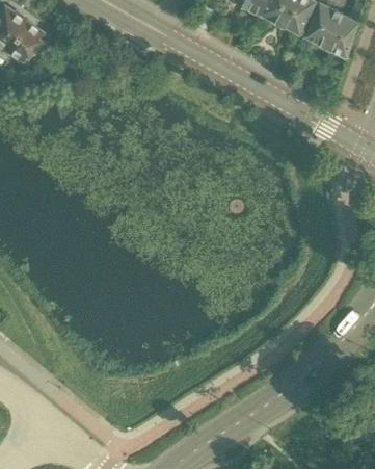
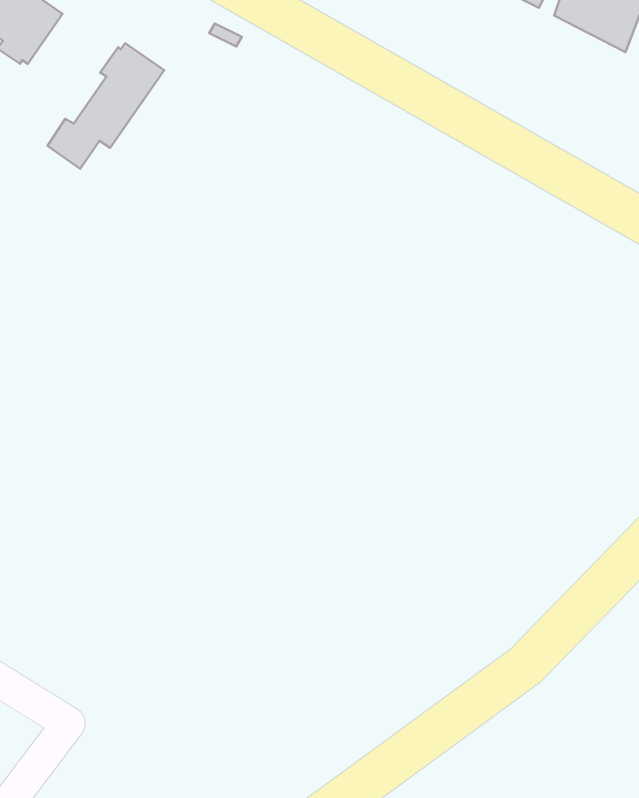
building: none -> [48,43,164,169]

